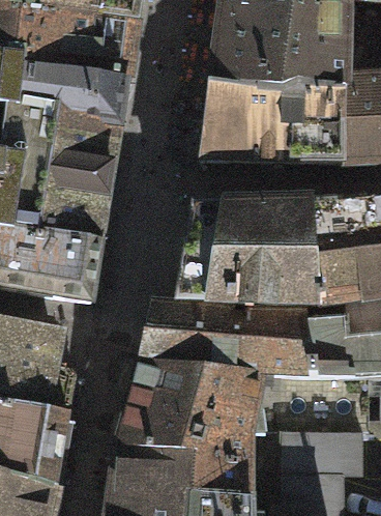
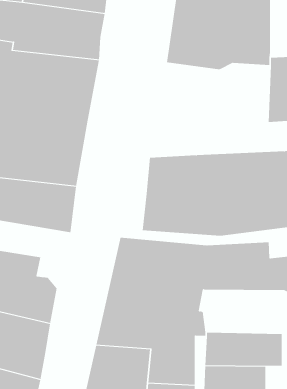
building: [204,84,346,161] -> none

